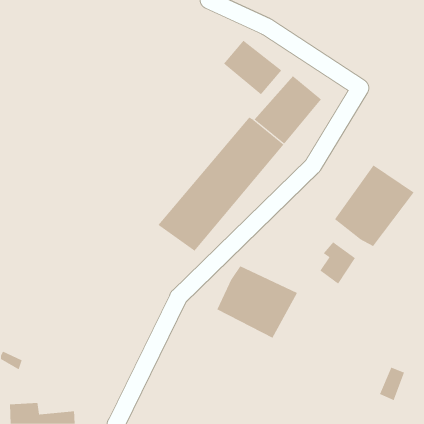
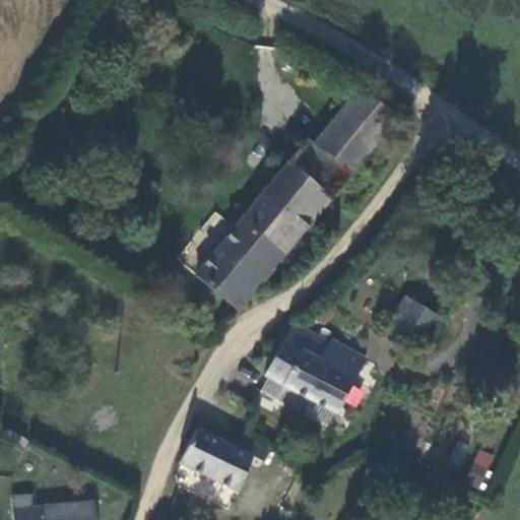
building: [223,40,282,95] -> none
building: [334,164,415,247] -> none
building: none -> [178,430,258,491]

